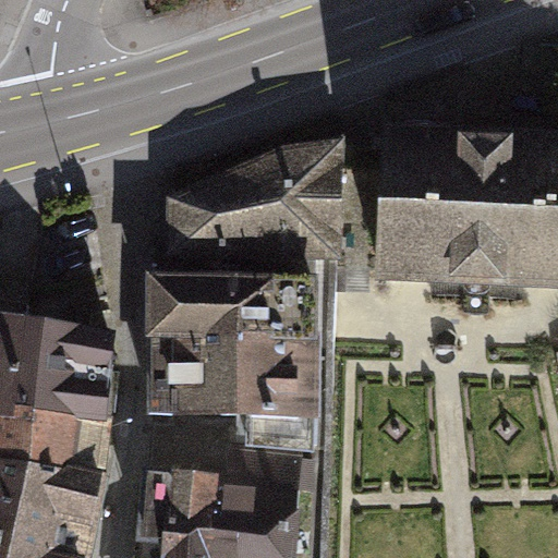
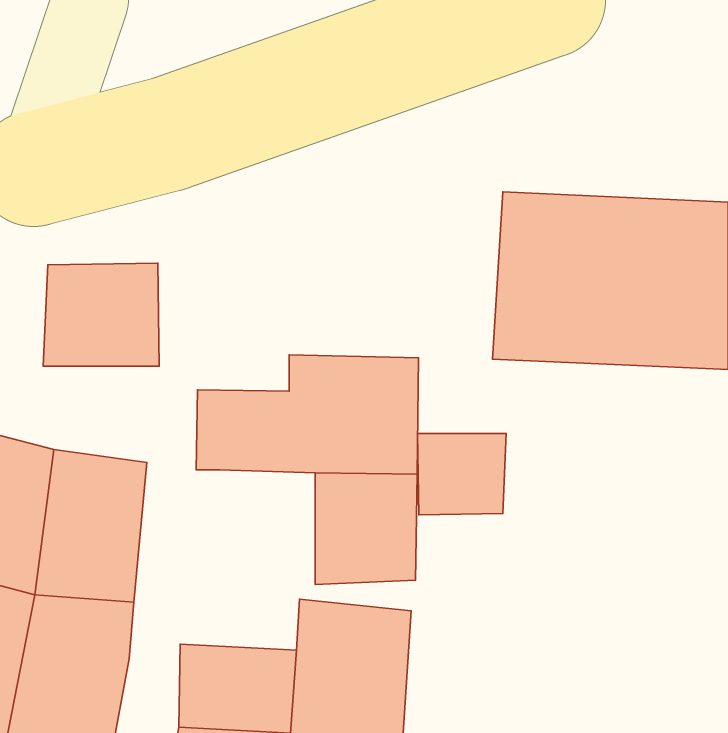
building: [165,134,341,276] -> none
building: none -> [43,263,159,366]
building: none -> [418,433,506,515]
building: [165,360,236,446] -> none

